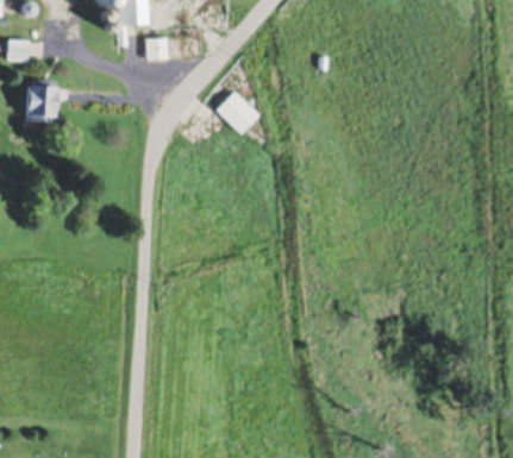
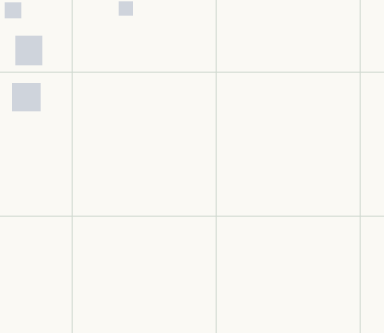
building: [219,92,261,133] -> none
building: none -> [12,82,41,112]

